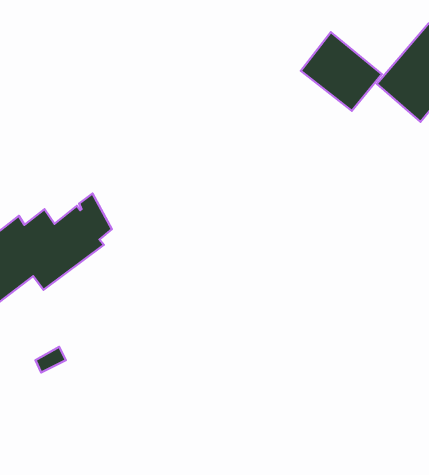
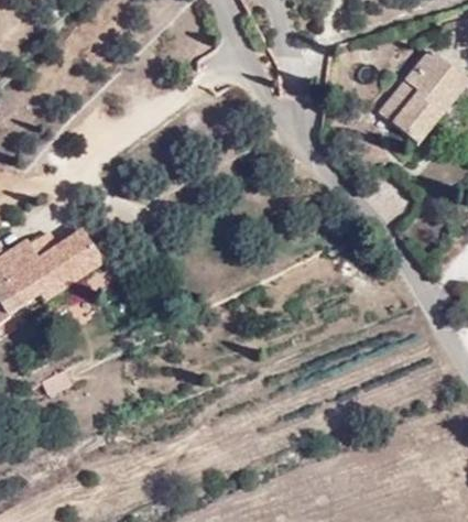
building: [301,32,382,111] -> none

